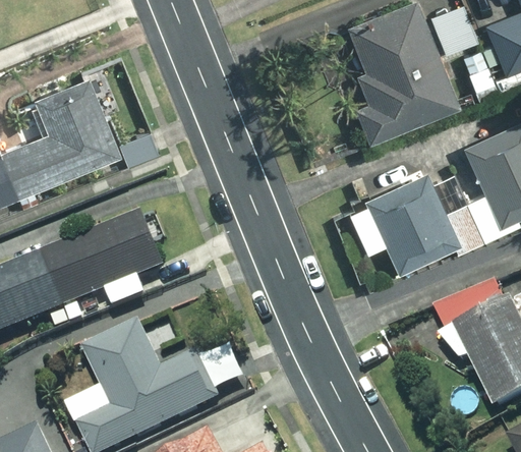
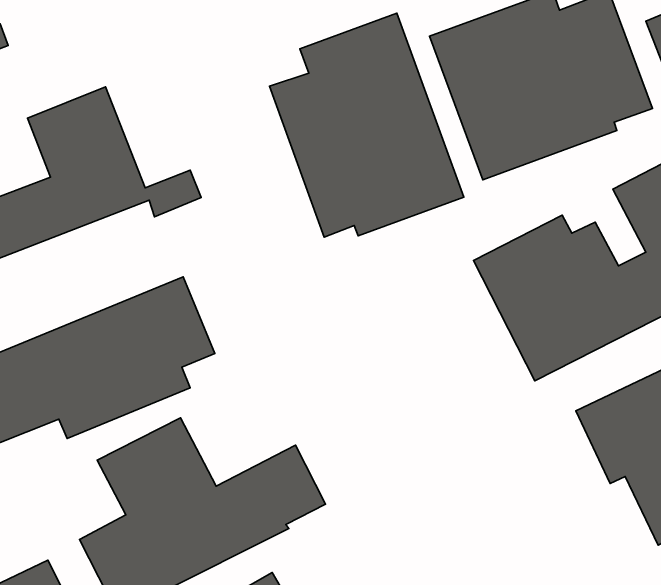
building: none -> [269,13,464,237]

